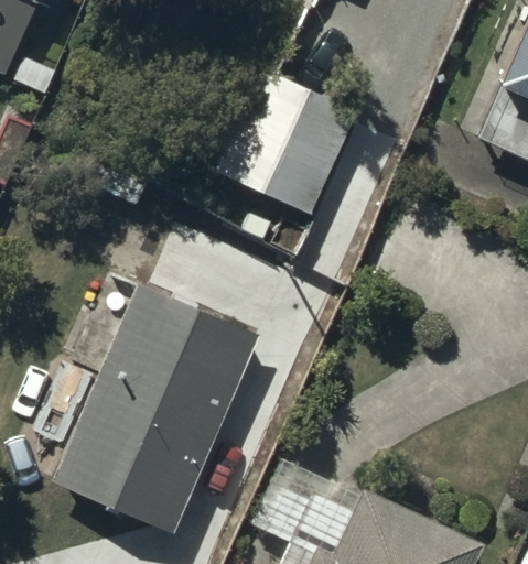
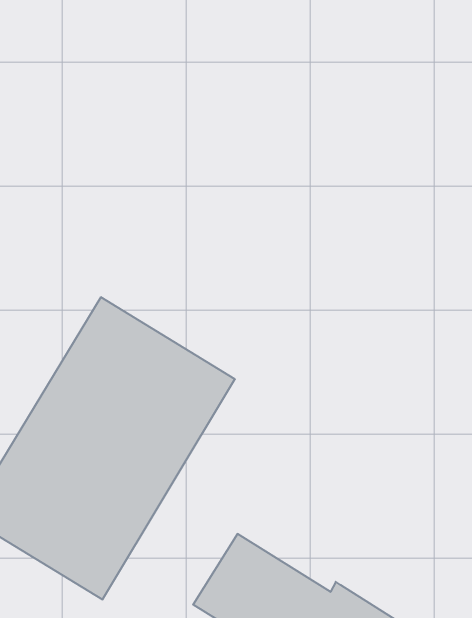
building: [223,76,360,219] -> none

